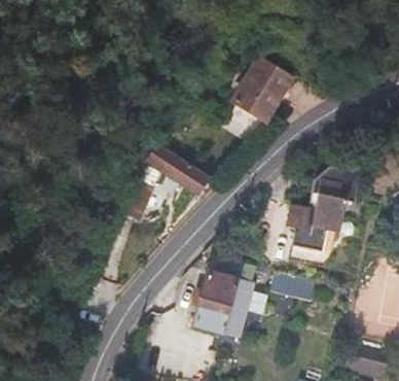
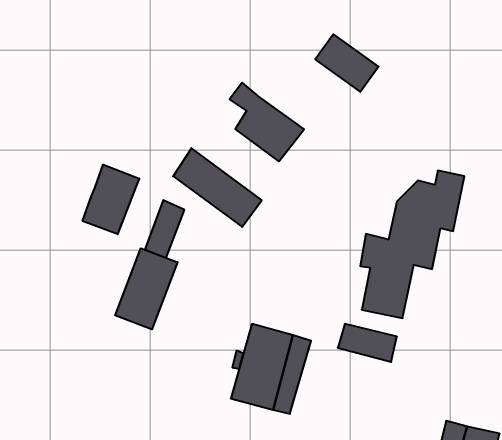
building: [231,67,286,125] -> [230,83,304,161]
building: none -> [83,165,139,234]
building: none -> [115,248,178,329]

